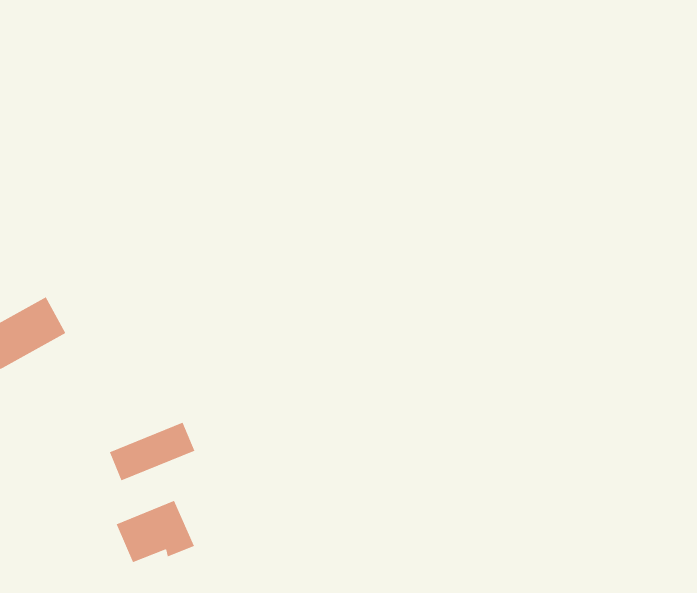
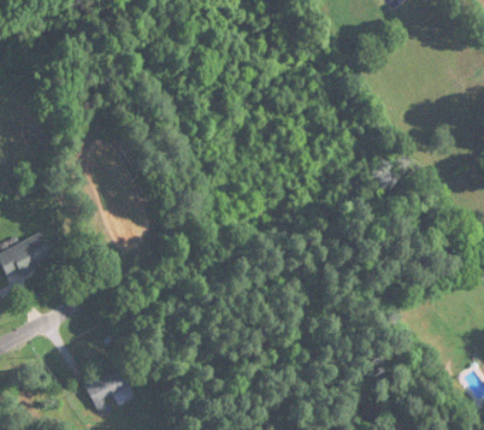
building: [109,422,195,481] -> none

